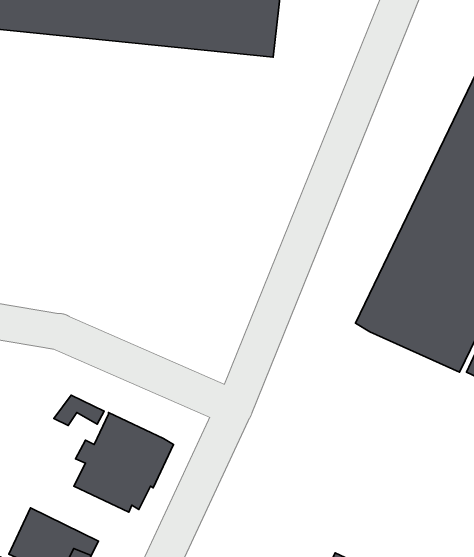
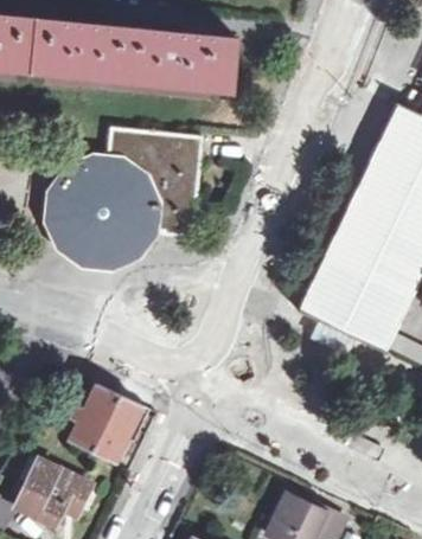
building: none -> [53,129,203,261]

